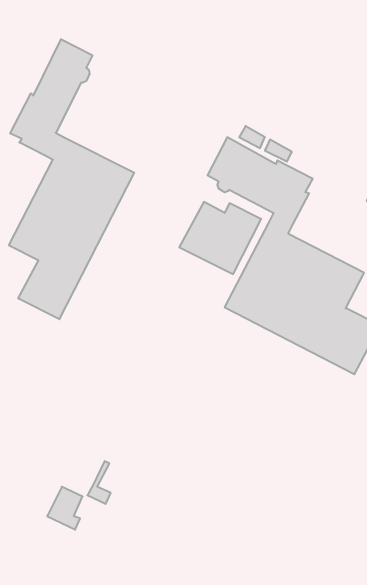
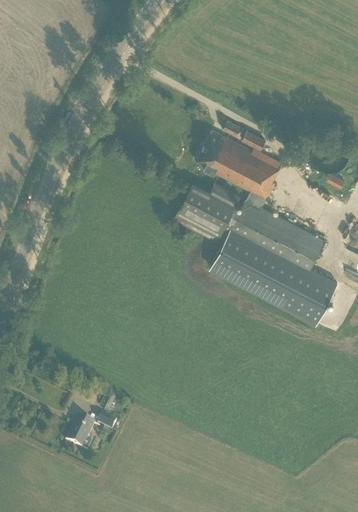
building: [9,39,134,319] -> none

